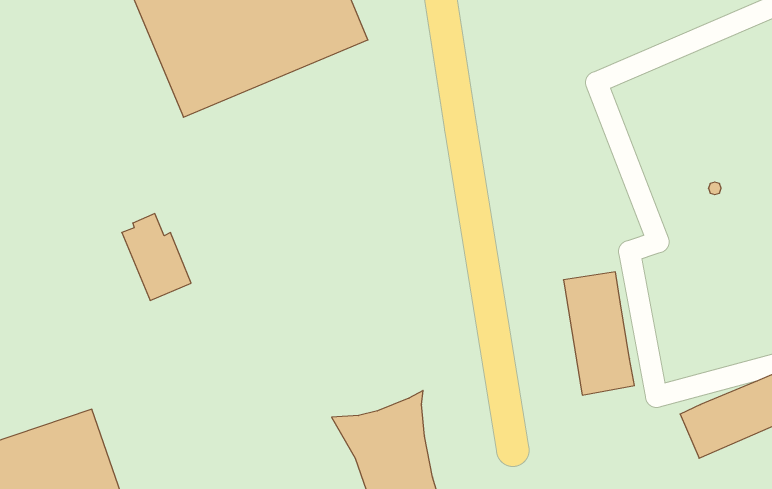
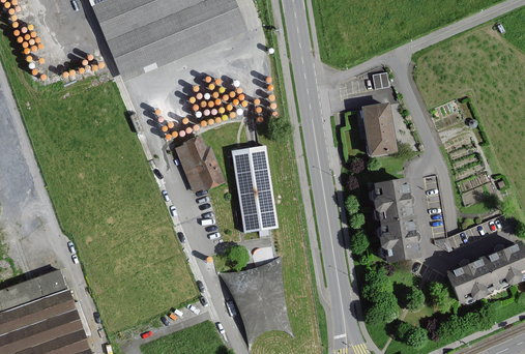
building: none -> [363,105,395,154]
building: [122,214,191,300] -> [176,138,222,195]
building: none -> [232,147,274,232]

